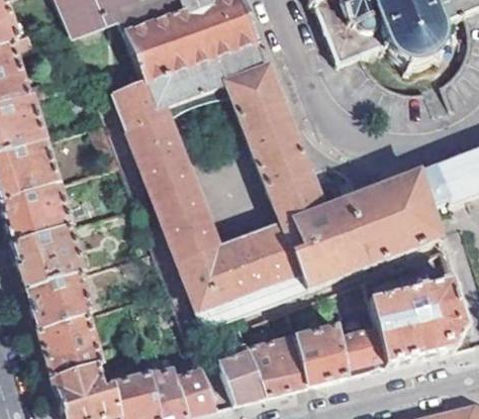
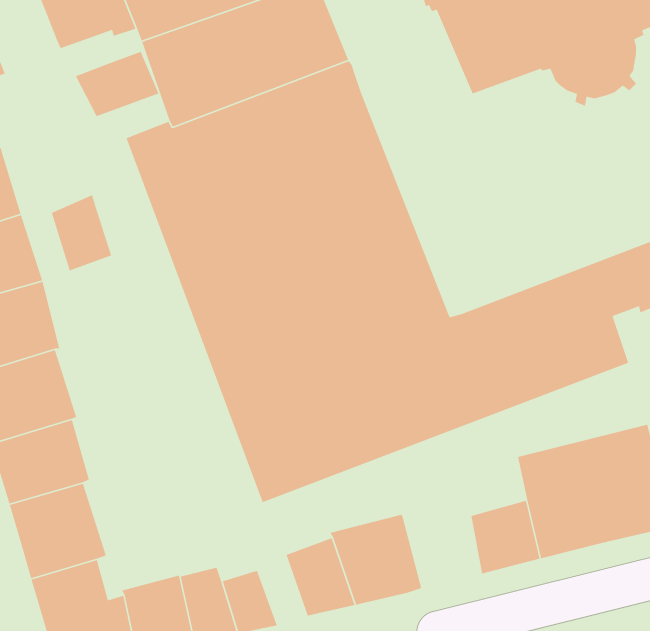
building: none -> [75,51,159,117]
building: none -> [51,194,112,271]
building: [293,325,344,383] -> none

